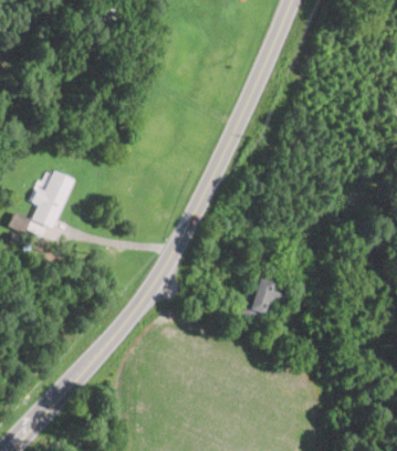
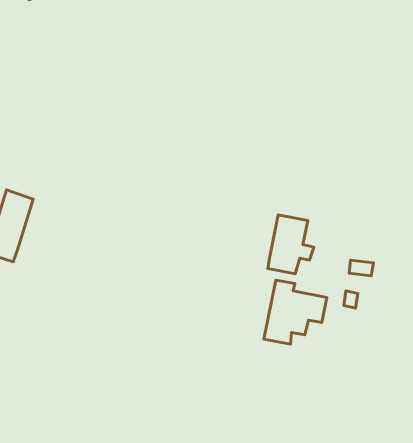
building: none -> [268,215,314,274]

